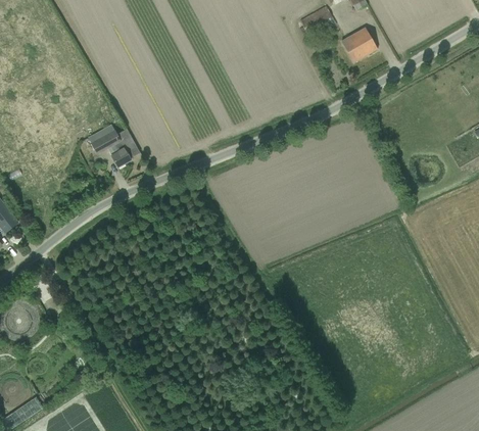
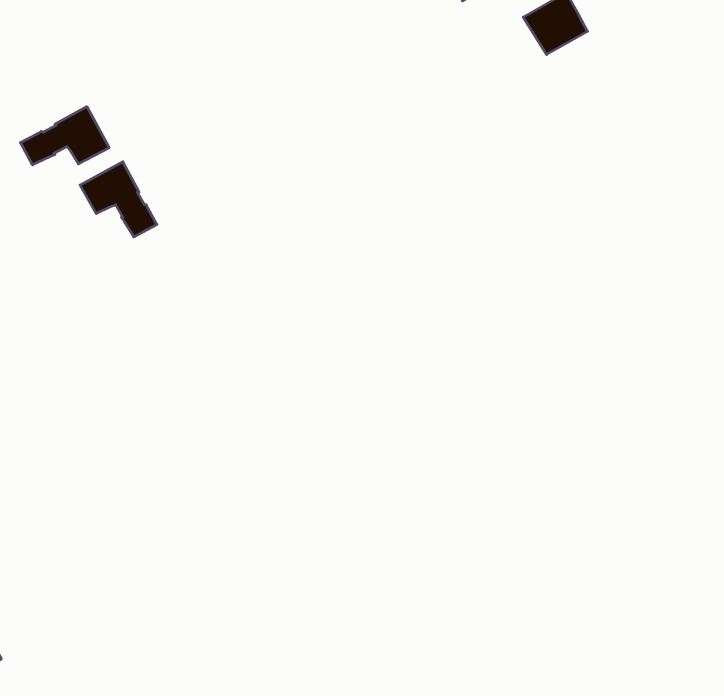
building: none -> [20,107,109,165]

